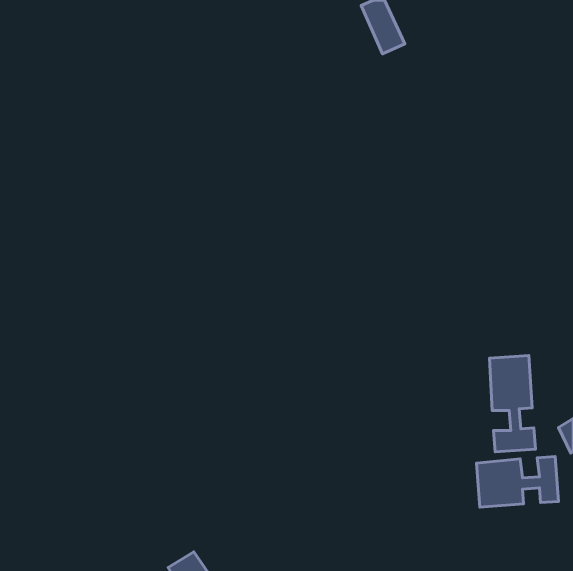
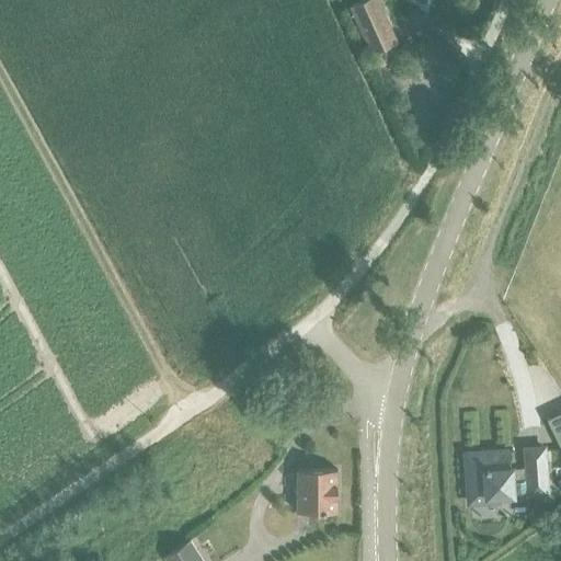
building: [490,356,535,452] -> none
building: none -> [297,471,337,514]

